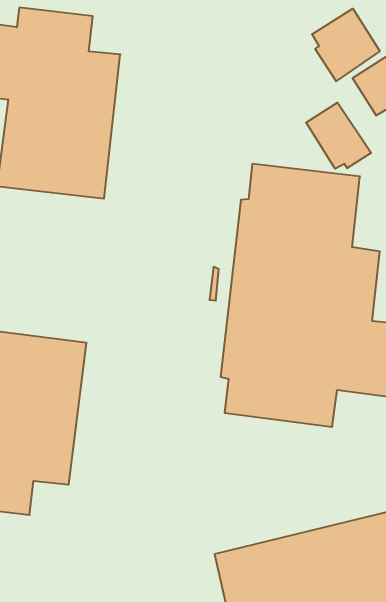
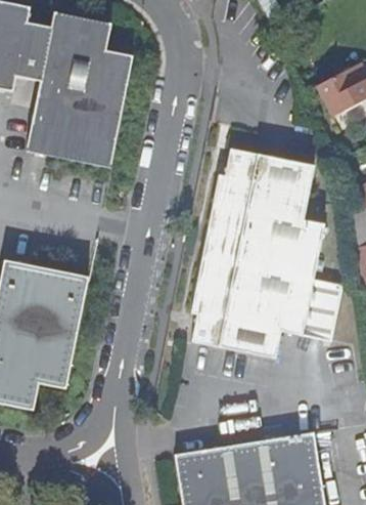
building: [312,9,380,81] -> none
building: [306,103,371,169] -> none

